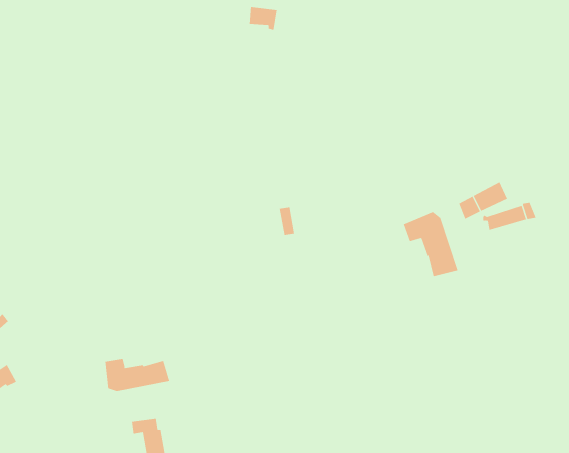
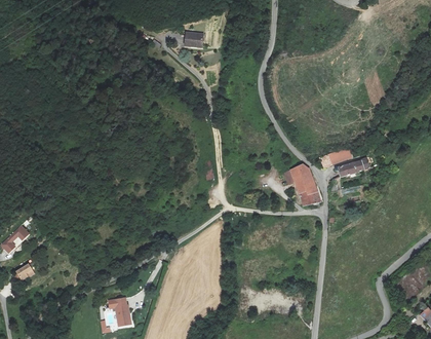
building: [105,358,170,392] -> none

